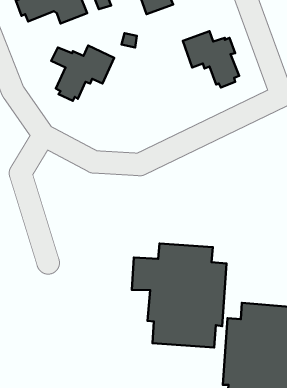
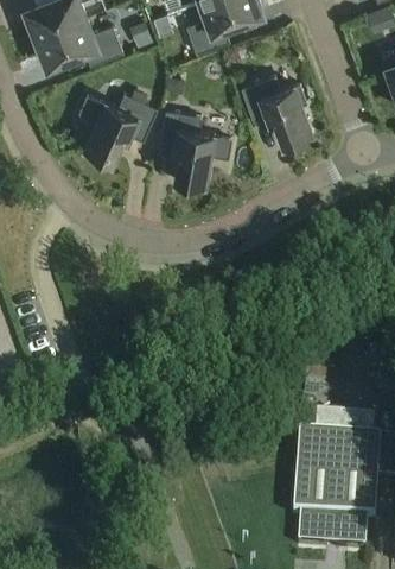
building: none -> [160,112,231,189]
building: [132,244,227,348] -> none

